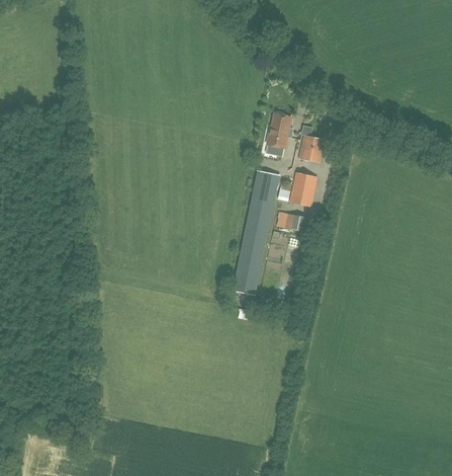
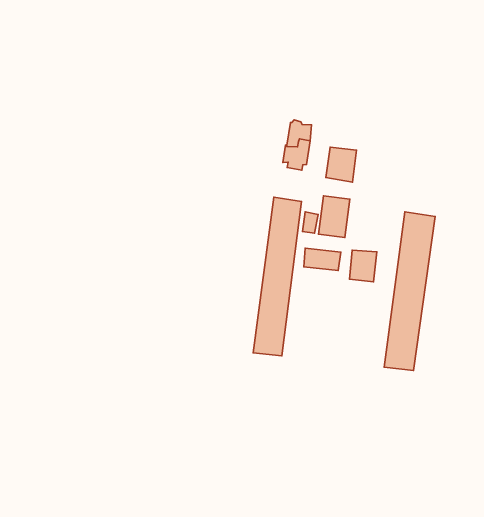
building: none -> [384,212,435,371]
building: none -> [349,250,377,282]

